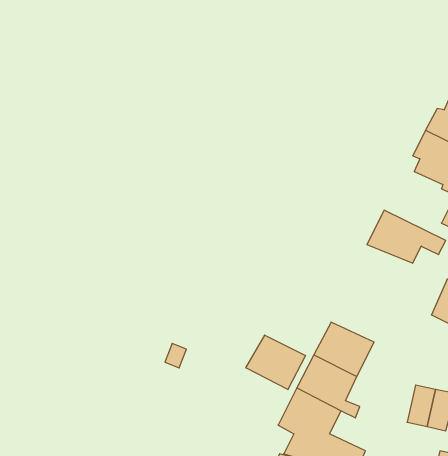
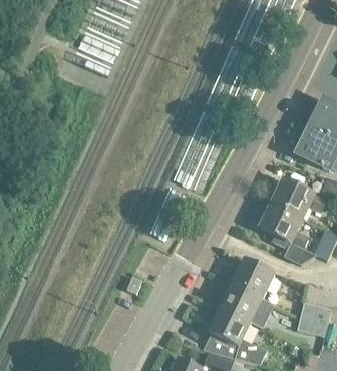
building: none -> [258,205,307,250]
building: [246,335,305,390] -> none

